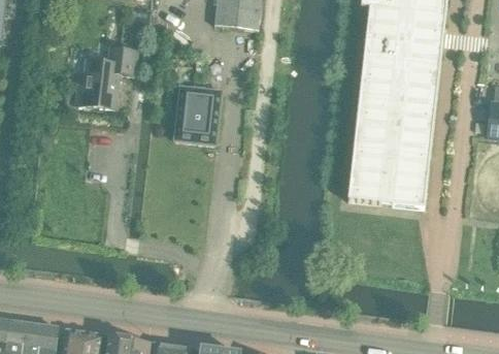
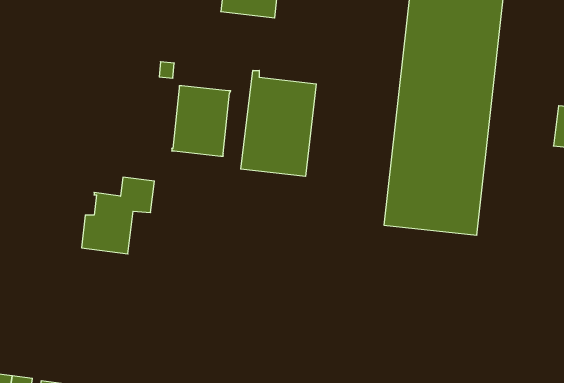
building: [74,46,134,109] -> [82,177,154,254]
building: none -> [241,70,316,176]

